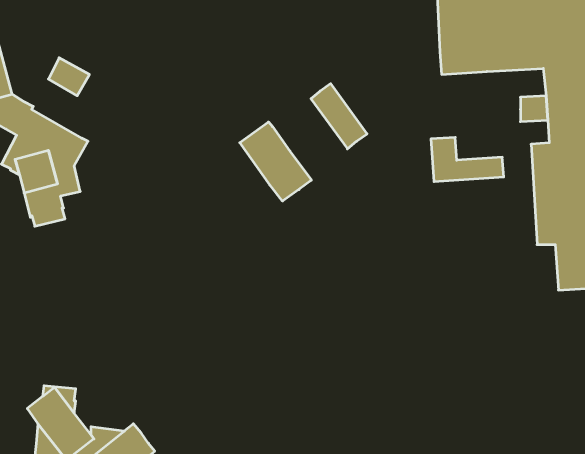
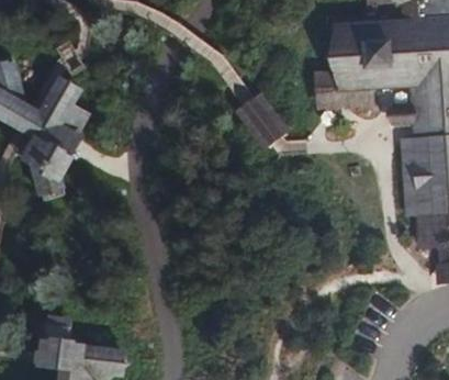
building: none -> [41,93,89,136]
building: [240,122,311,201] -> none
building: [431,137,504,182] -> [318,74,371,105]

